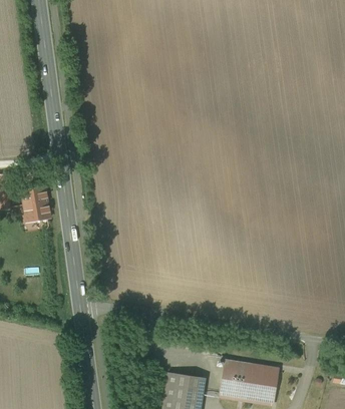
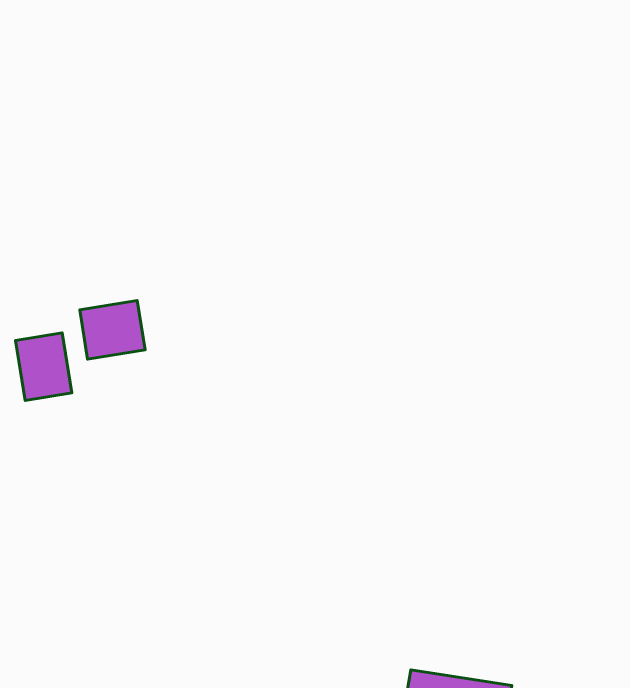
building: none -> [80,300,145,359]

